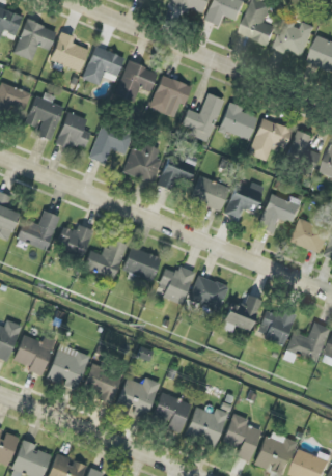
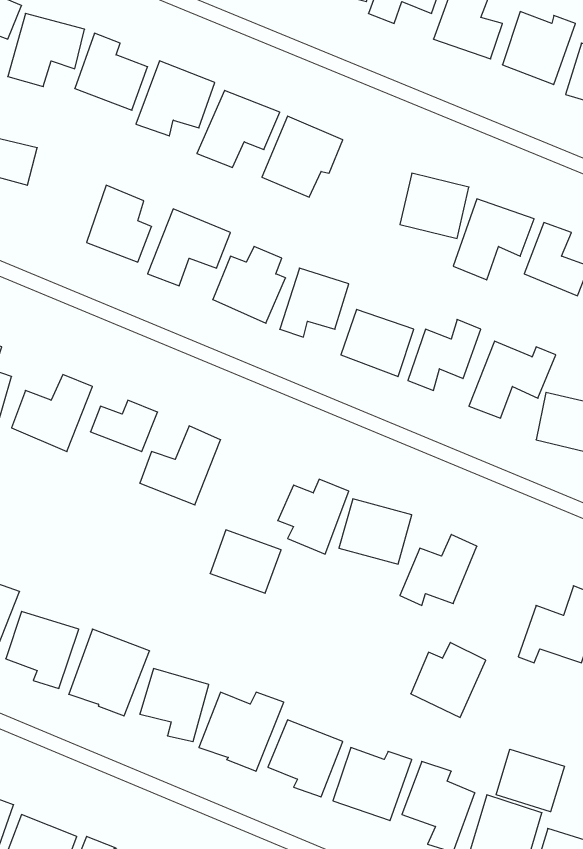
building: [26,90,63,141] -> none
building: [182,93,224,141] -> none
building: [122,247,160,280] -> [210,530,281,593]
building: [256,306,296,345] -> [411,642,486,717]
building: none -> [496,749,564,812]

